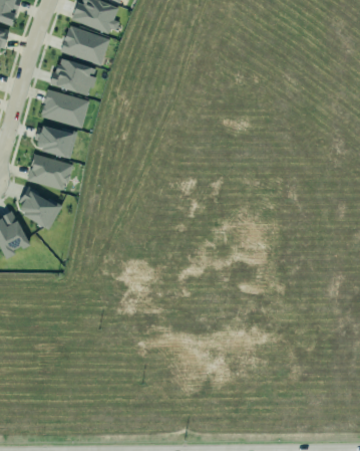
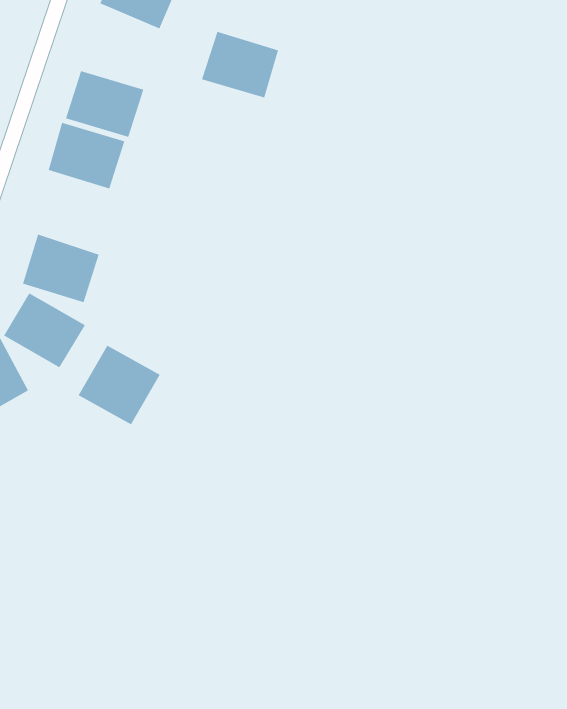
building: [60,25,105,64] -> [201,31,279,98]
building: [33,121,78,160] -> none
building: none -> [78,345,160,425]

